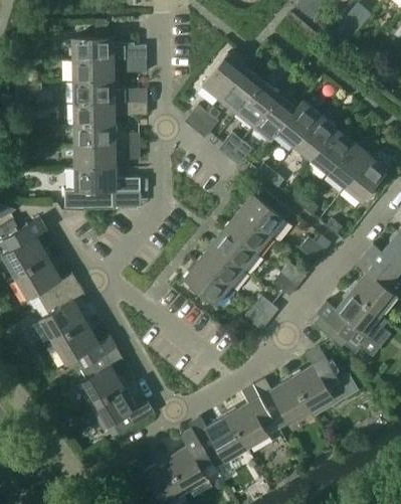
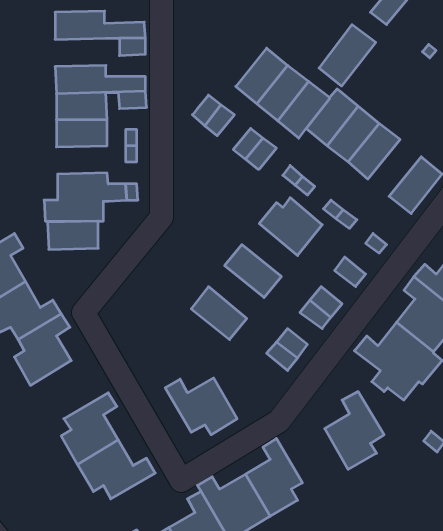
building: none -> [319,25,376,86]
building: [202,53,245,99] -> none
building: [73,59,115,82] -> none
building: [328,142,371,188] -> none
building: [74,147,116,170] -> [48,221,98,249]
building: [225,210,270,254] -> none
building: [198,244,243,288] -> none
building: [53,322,117,369] -> none
building: [253,377,312,424] -> [165,378,237,435]

